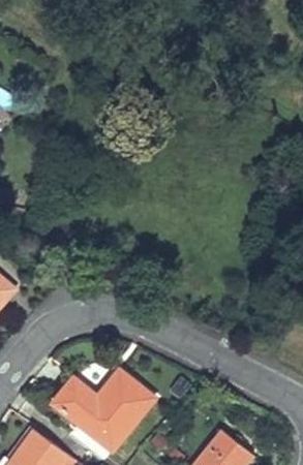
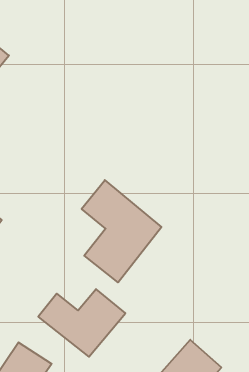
building: none -> [82,180,161,282]

